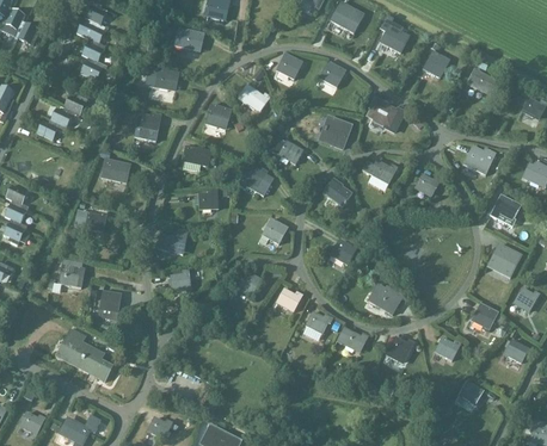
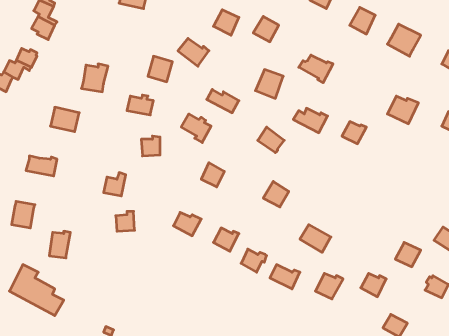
building: [147,66,179,91] -> none
building: [491,194,522,227] -> none
building: [487,243,522,278] -> none

